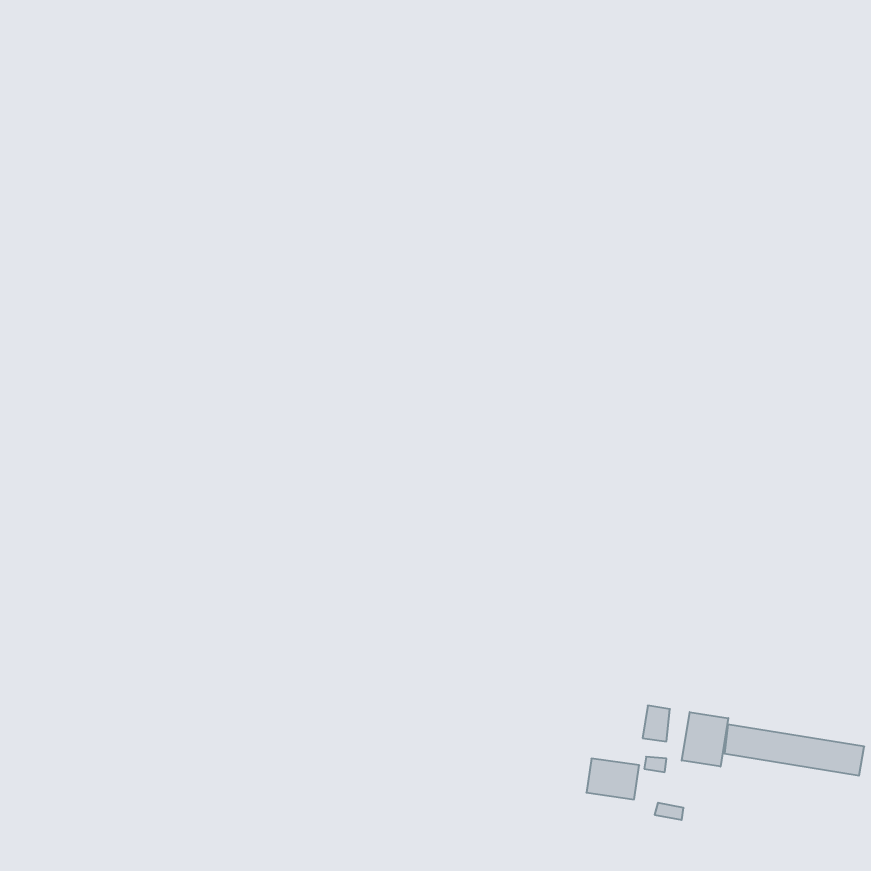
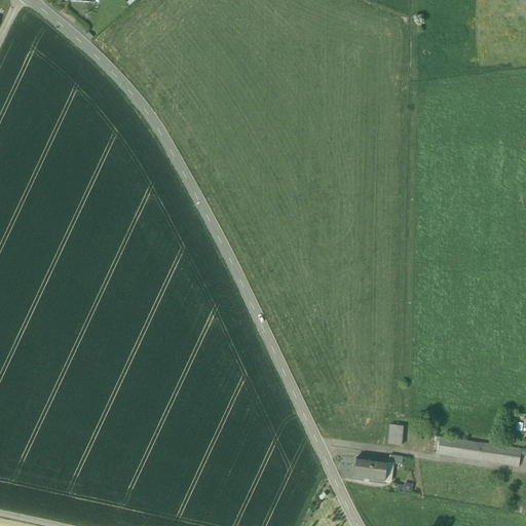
building: [682,712,728,767] -> none

